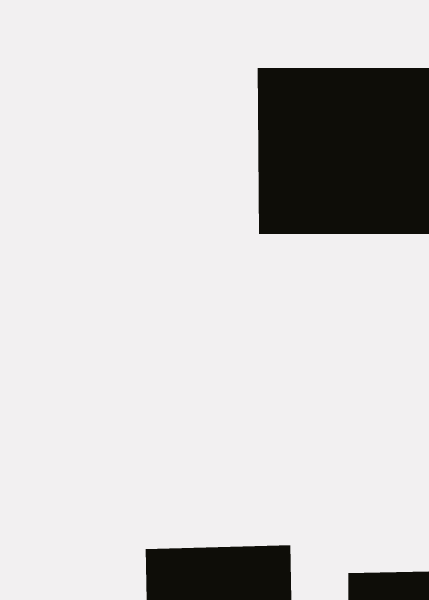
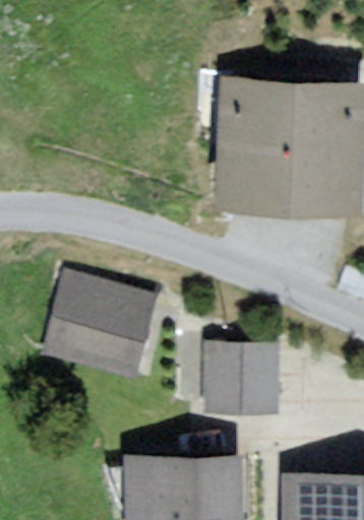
building: none -> [34,271,157,382]
building: none -> [200,343,272,418]

